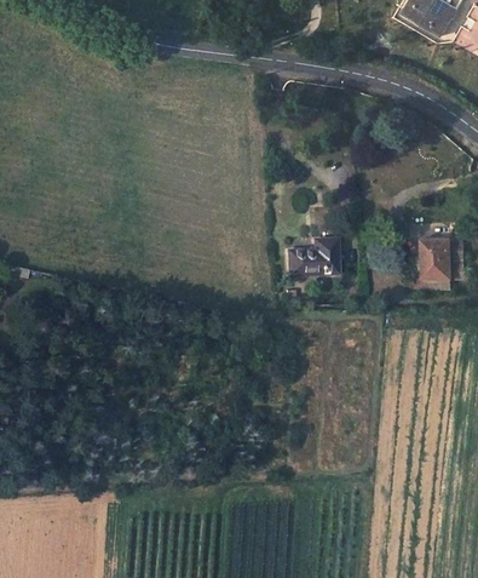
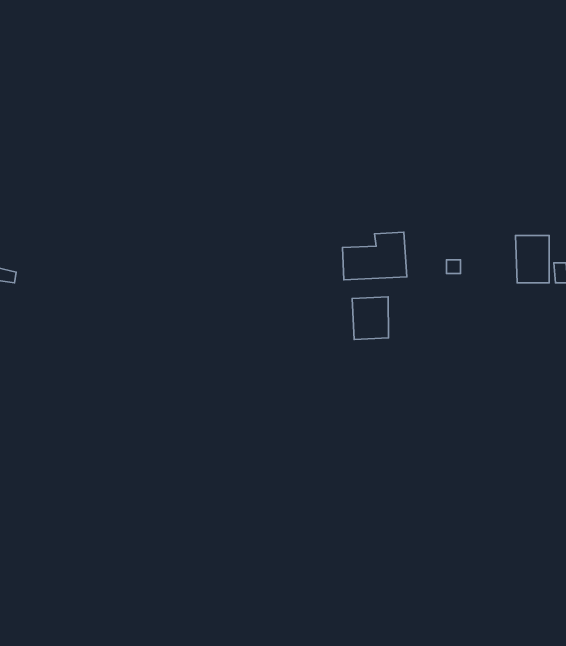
building: none -> [352,297,389,339]

